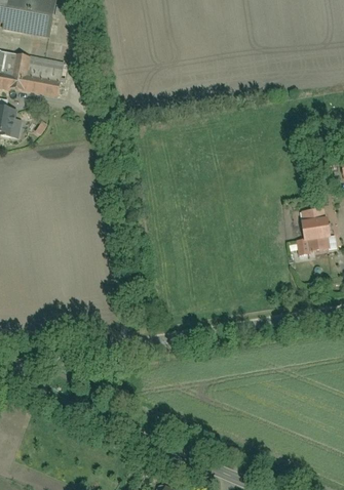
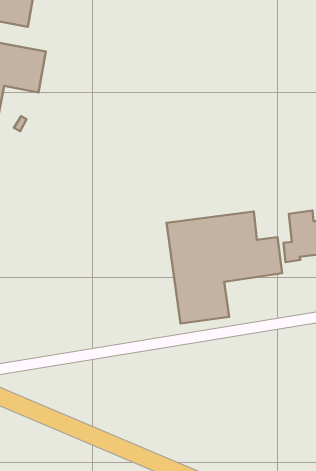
building: none -> [167,211,282,324]

